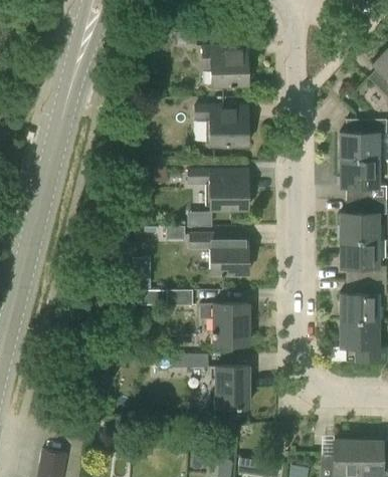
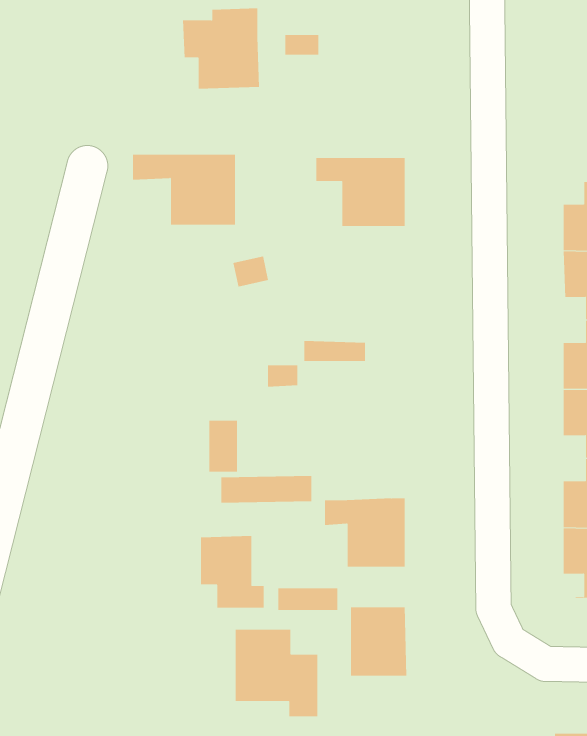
building: [202,39,247,86] -> [182,8,260,89]
building: [187,169,247,210] -> [132,154,236,225]
building: [190,234,247,274] -> none
building: none -> [201,535,264,609]
building: none -> [235,629,318,717]

